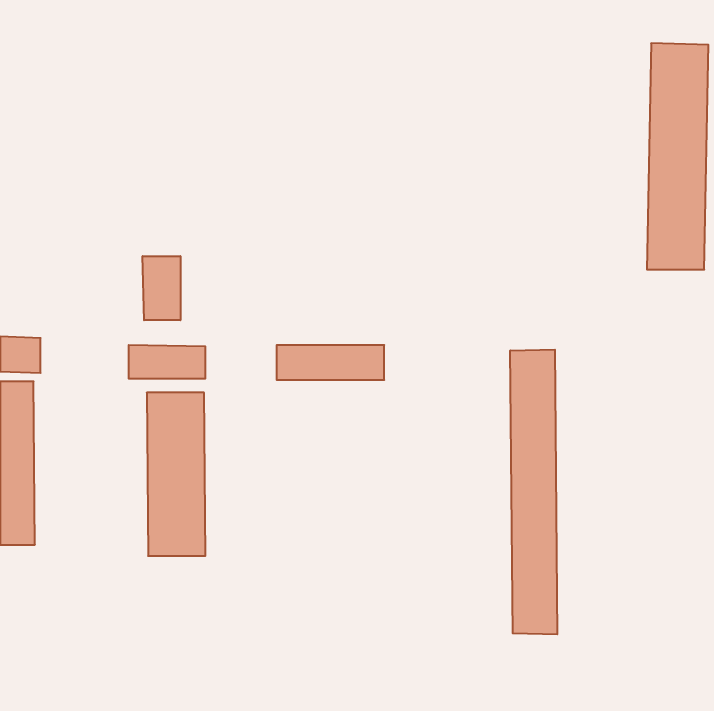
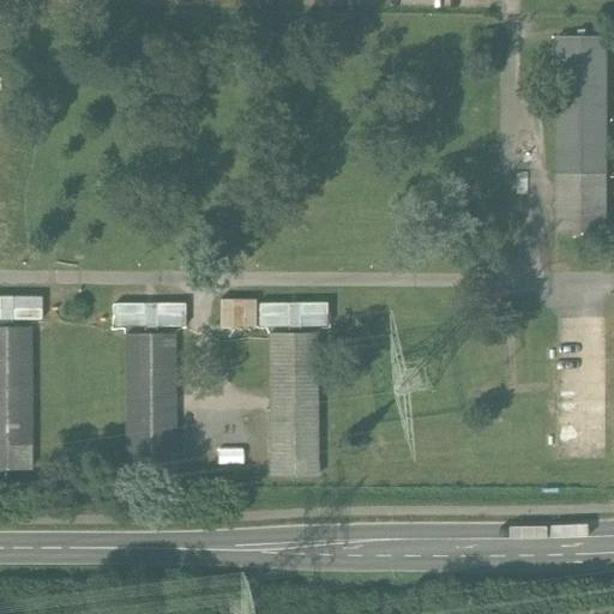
building: [143,256,180,320] -> none
building: [510,350,557,634] -> none
building: none -> [270,333,320,474]

